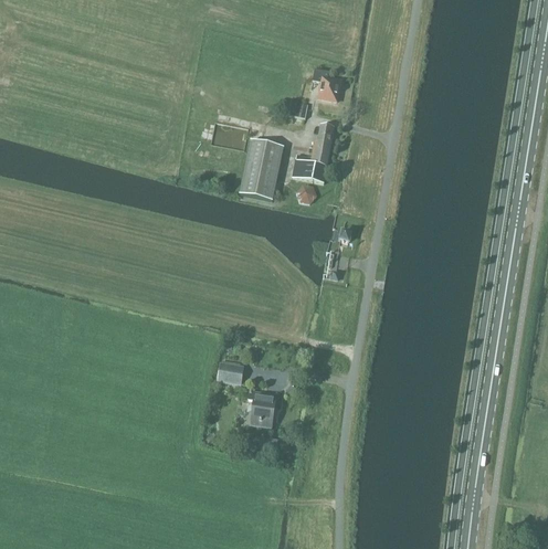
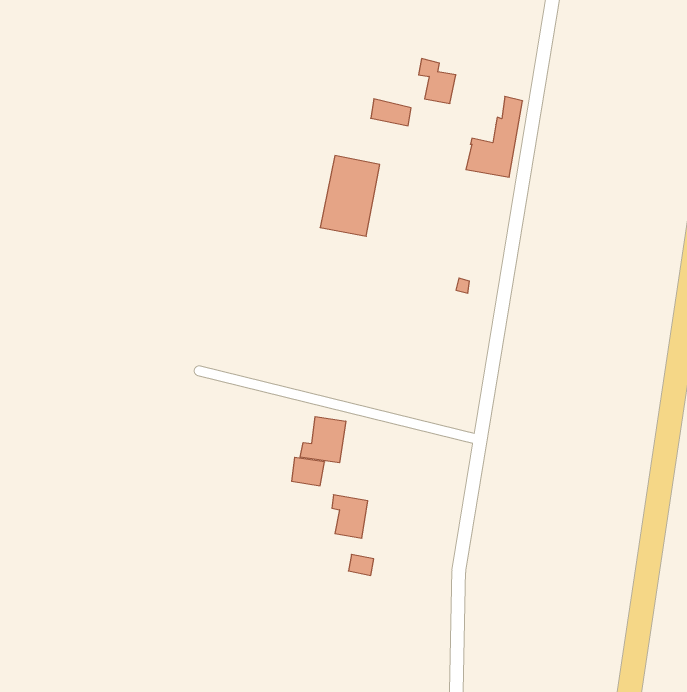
building: [292,123,334,182] -> [466,96,523,177]
building: none -> [300,417,346,463]

